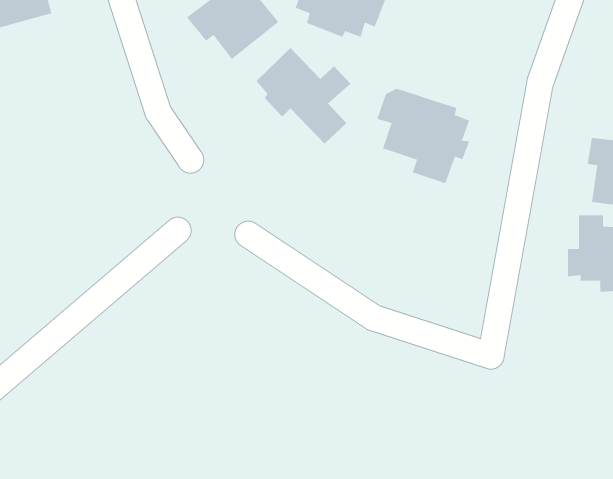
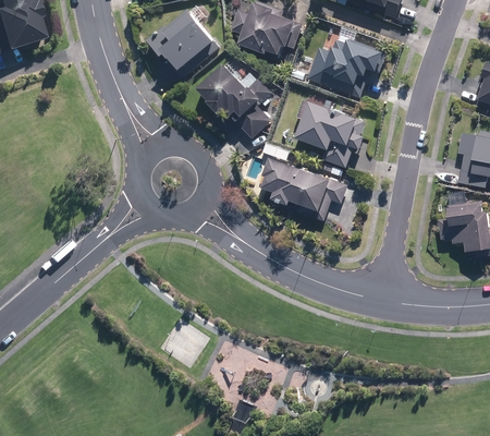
building: none -> [307,31,389,99]
building: none -> [261,140,346,222]

